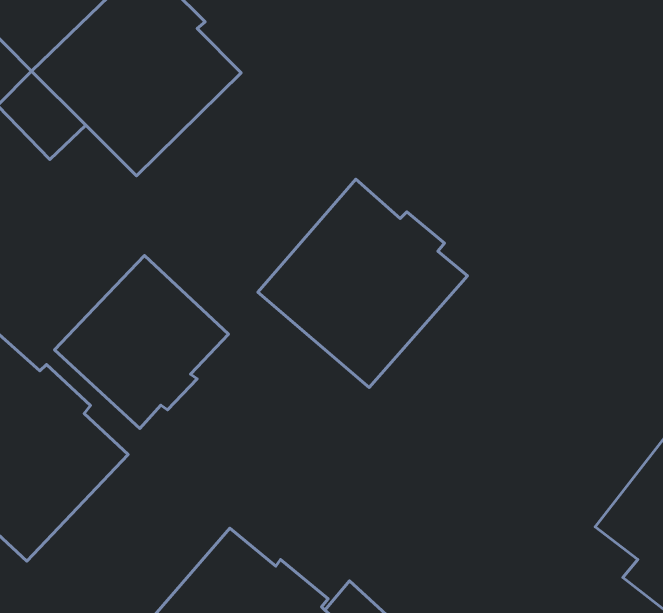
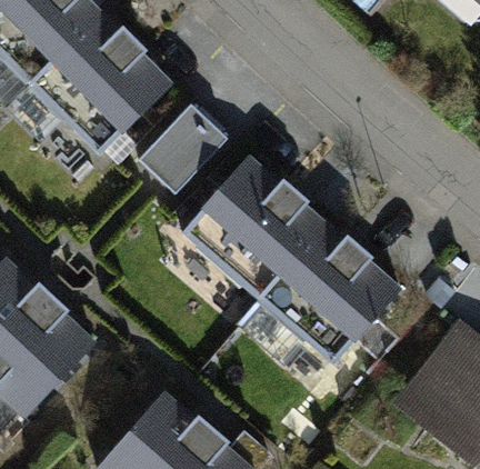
building: none -> [139,102,228,192]
building: [55,255,228,429] -> none
building: none -> [258,221,400,362]

